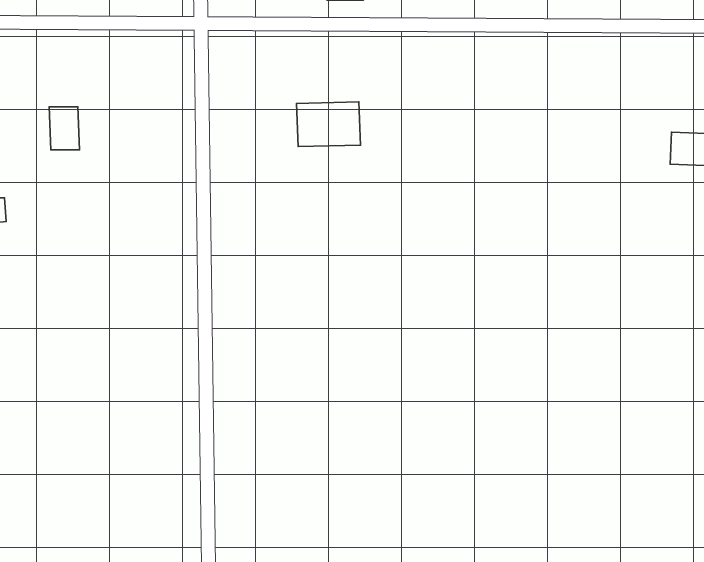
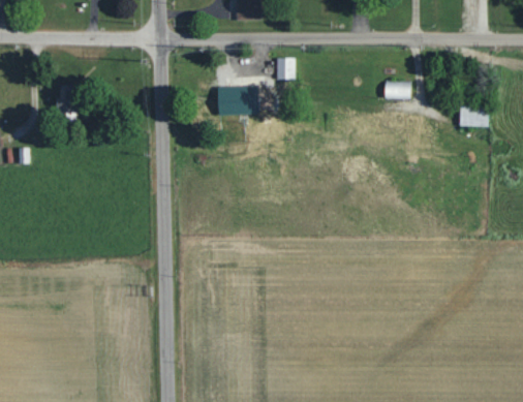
building: none -> [276,57,295,80]
building: none -> [383,81,410,99]

